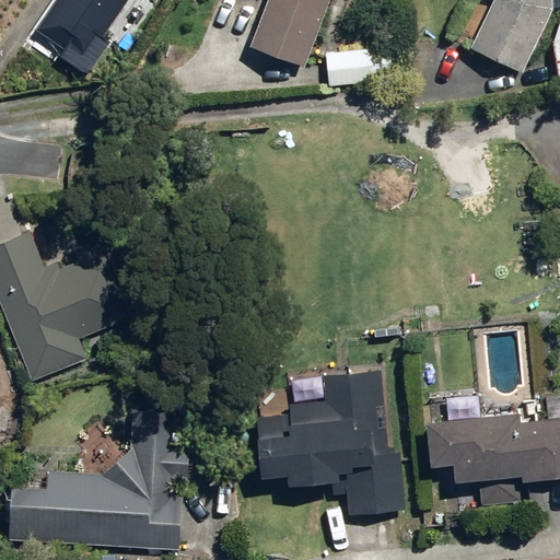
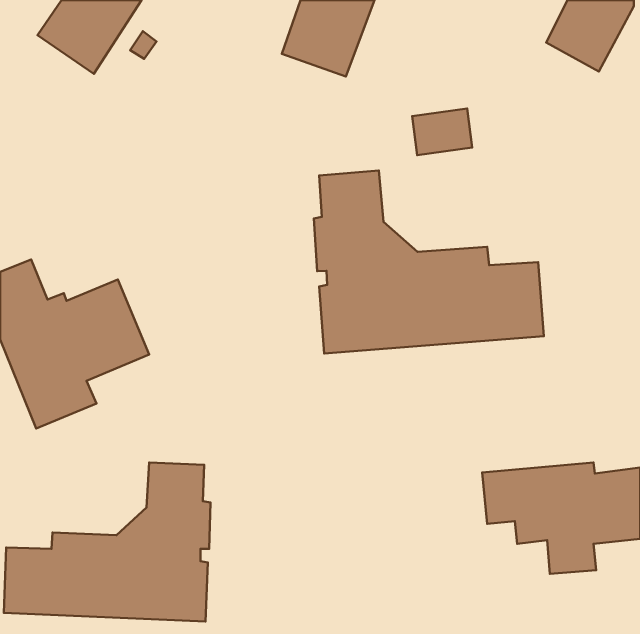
building: [324,52,376,93] -> [412,109,472,155]
building: none -> [314,171,544,353]
building: [253,370,404,514] -> none

